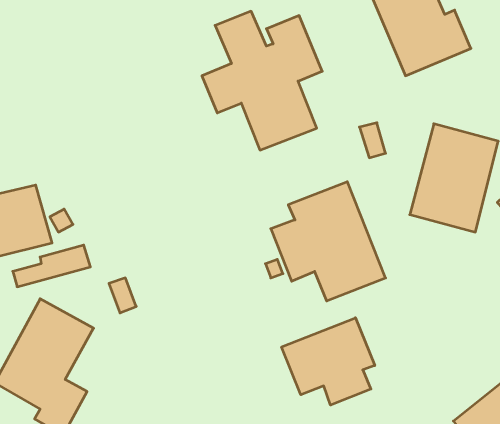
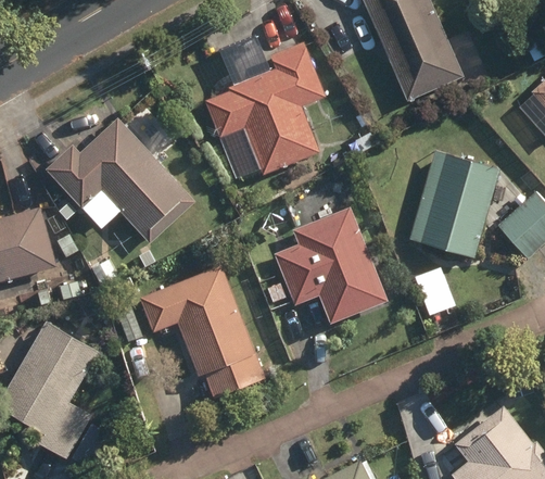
building: none -> [45,118,195,244]
building: none -> [139,265,265,400]
building: [282,318,375,405] -> none

